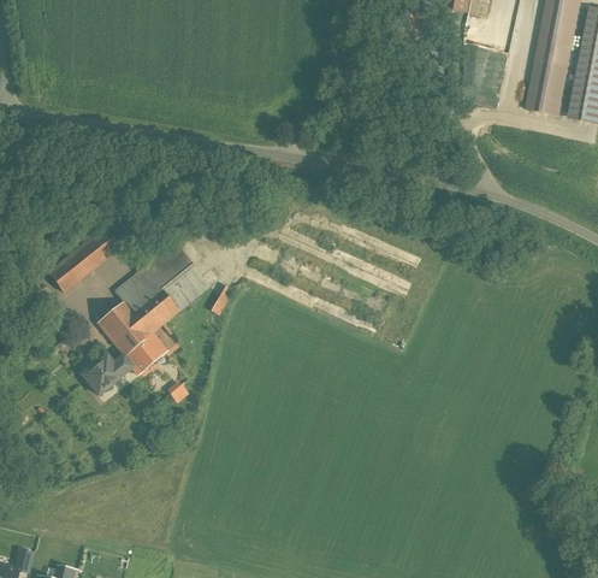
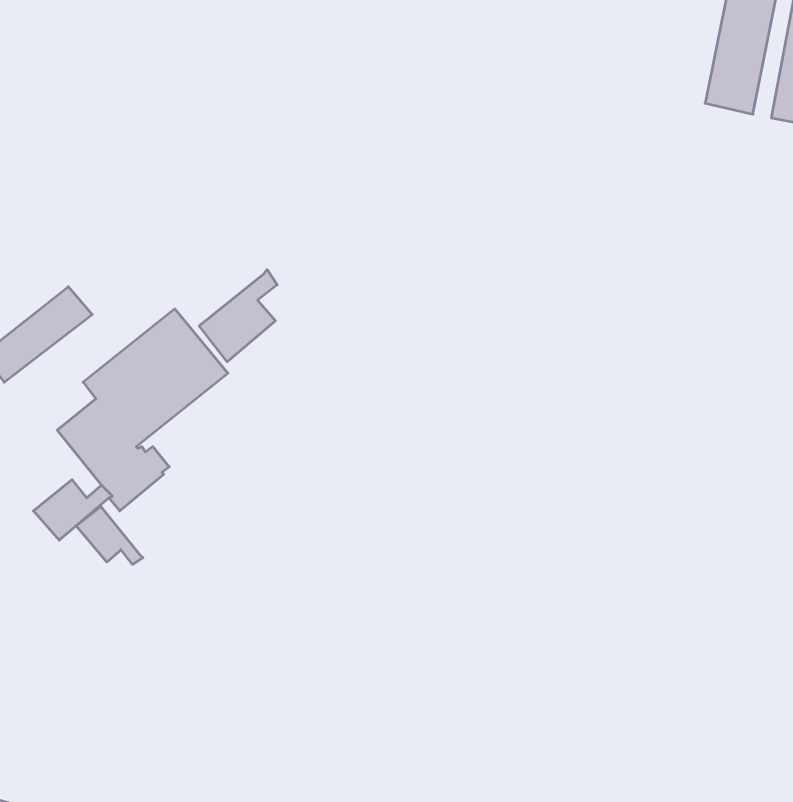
building: none -> [199,270,277,362]
building: none -> [76,507,143,564]

